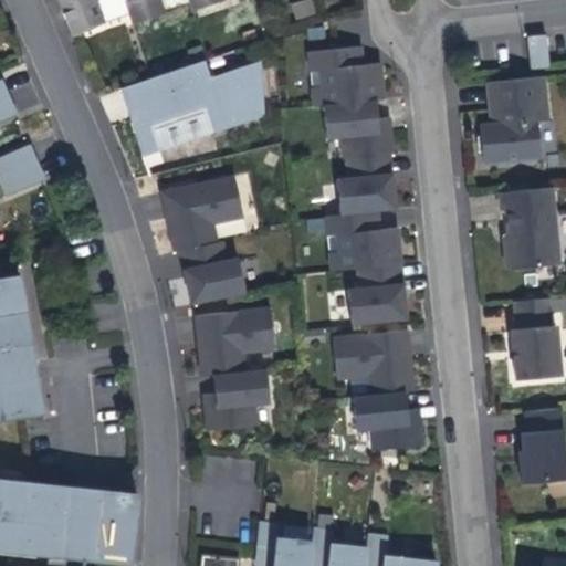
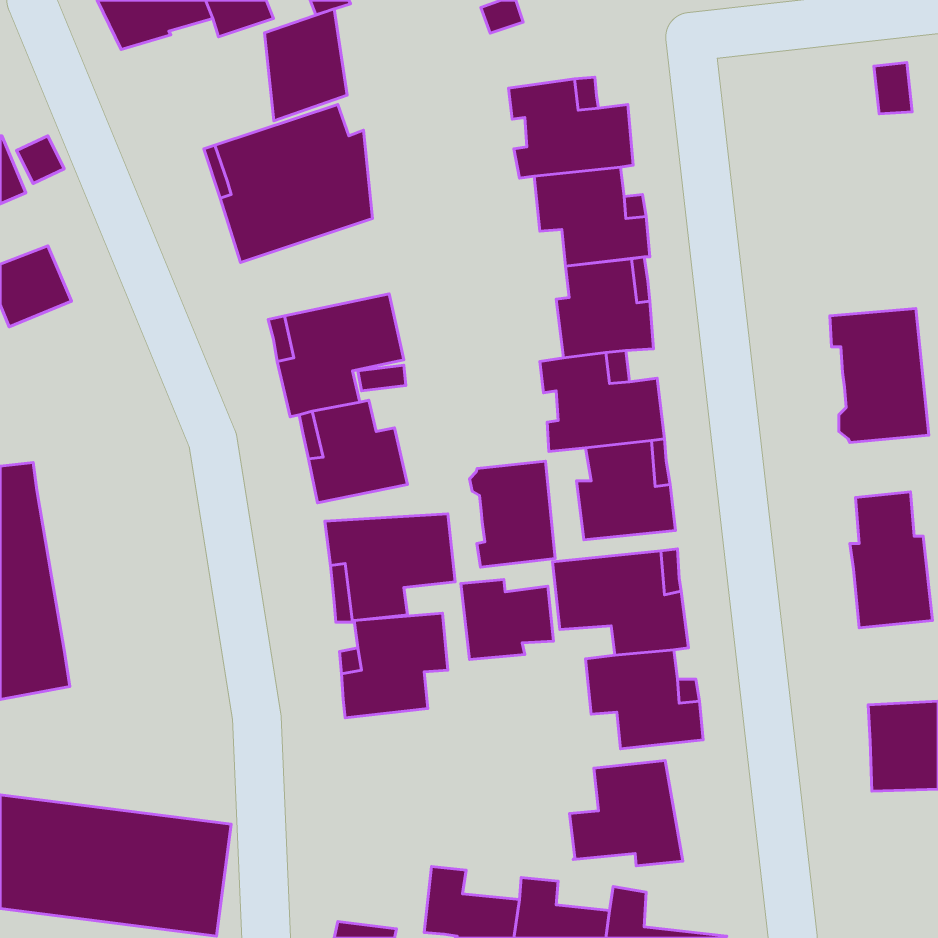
building: [219,64,269,132] -> [265,9,347,121]
building: [483,75,551,161] -> none
building: none -> [469,461,555,567]
building: none -> [461,579,553,660]
building: none -> [570,760,683,866]

